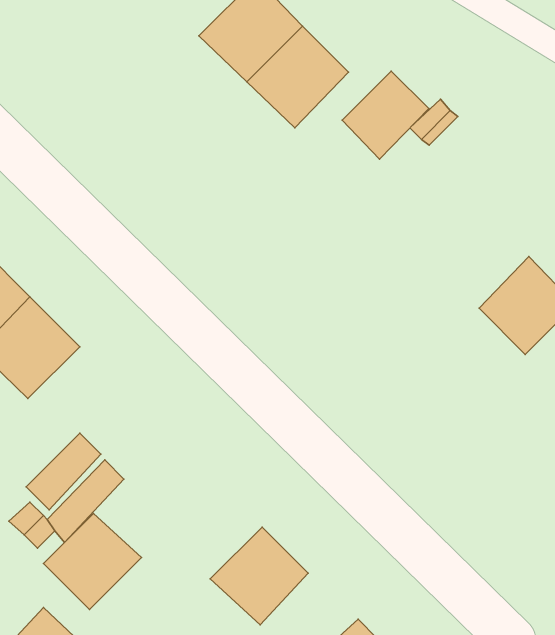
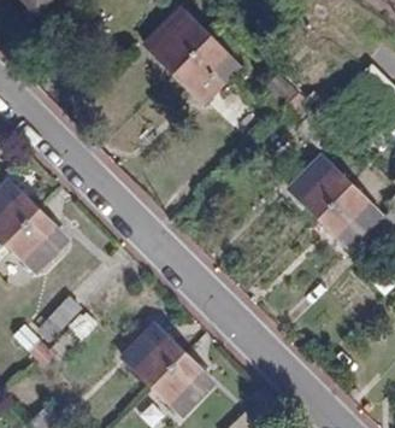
building: [342,71,429,159] -> none
building: none -> [290,156,352,217]
building: [43,513,141,609] -> [123,327,184,387]

